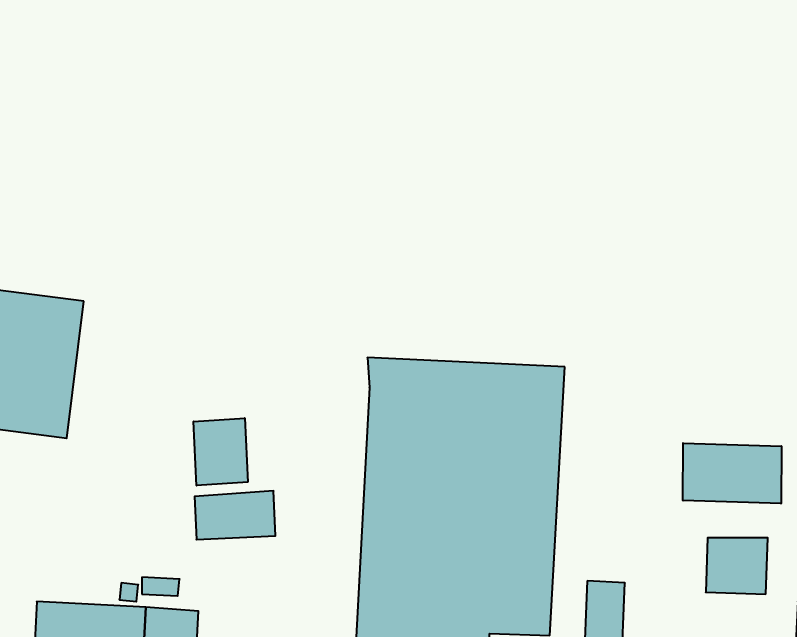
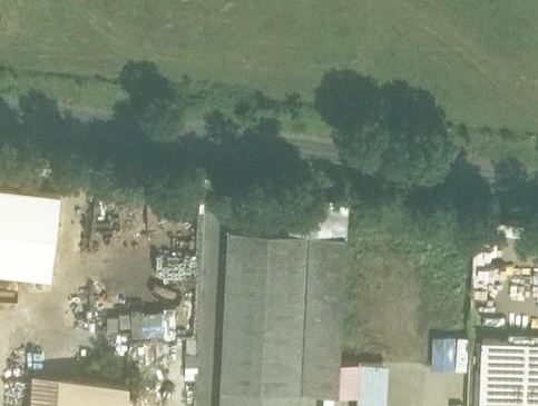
building: [194,418,248,486] -> none
building: [683,443,781,504] -> none

